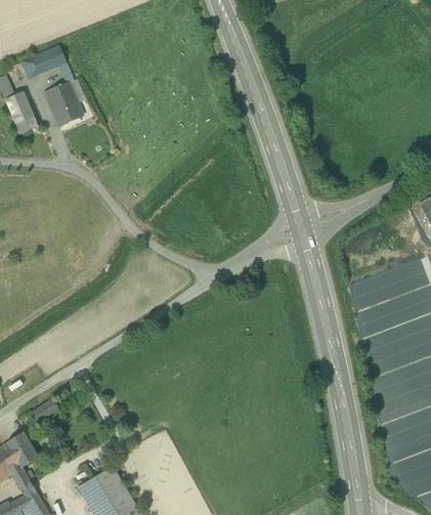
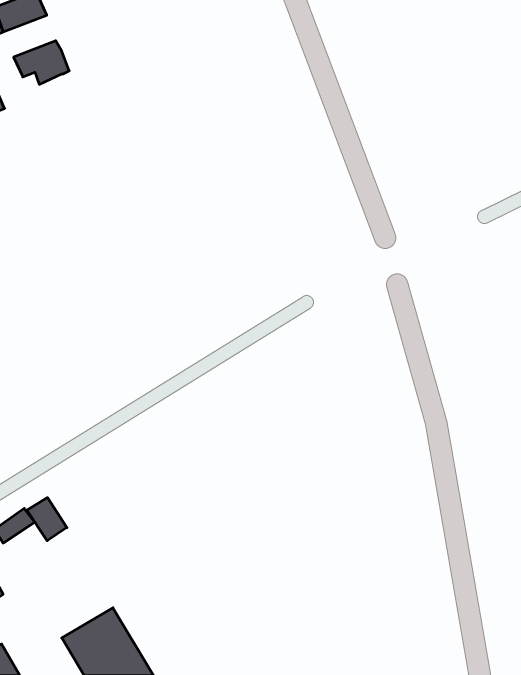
building: [50,102,82,126] -> none
building: none -> [27,498,67,541]

